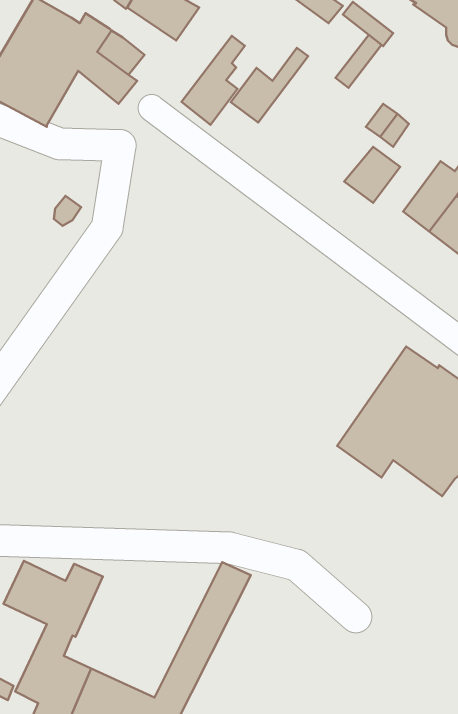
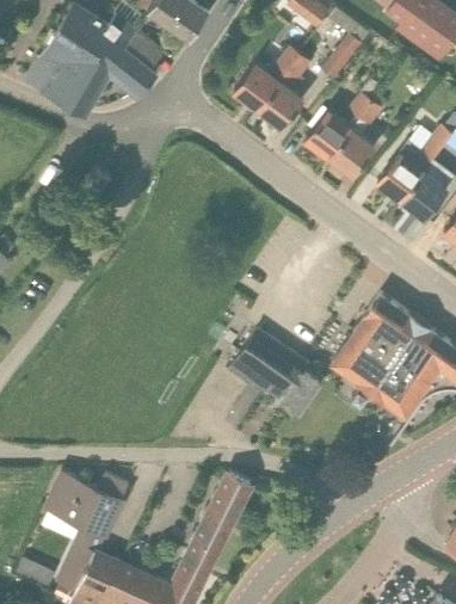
building: [182,36,245,125] -> [257,54,309,128]
building: none -> [304,110,352,158]
building: none -> [232,331,319,413]

